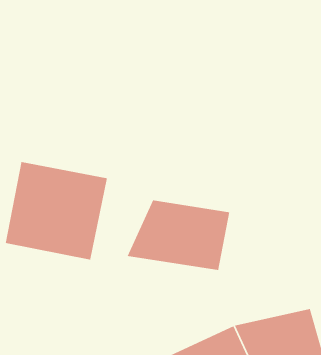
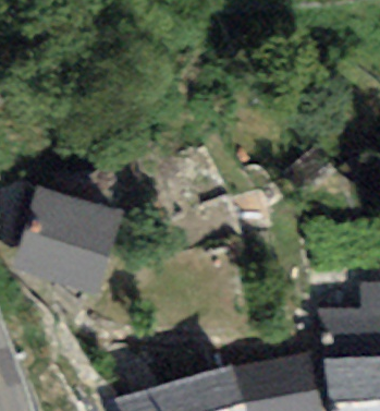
building: [127,199,230,271] -> none

